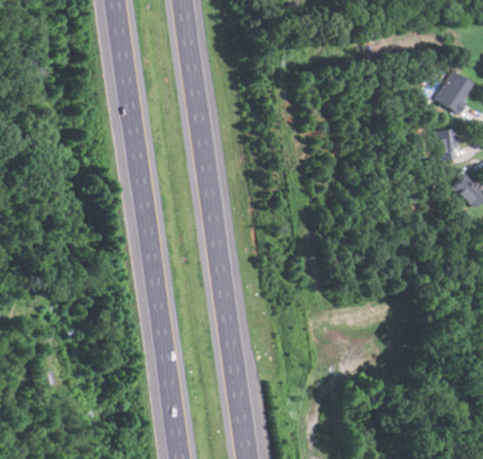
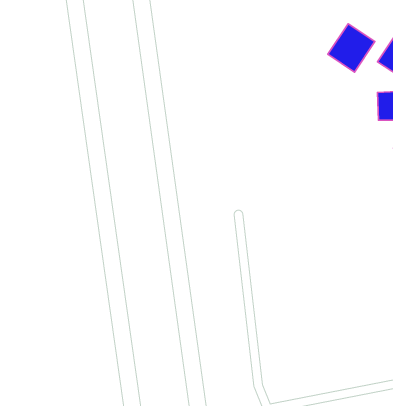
building: none -> [328,24,375,72]

